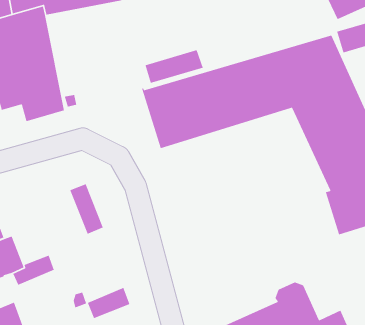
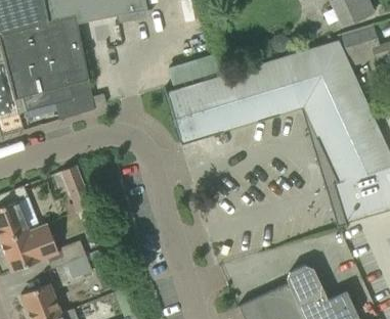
building: [69,183,104,235] -> [61,165,93,212]
building: [87,287,131,319] -> [52,255,92,284]

